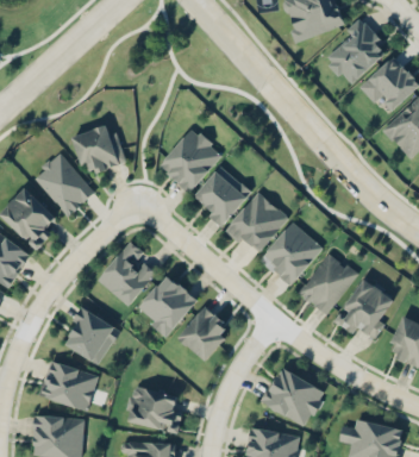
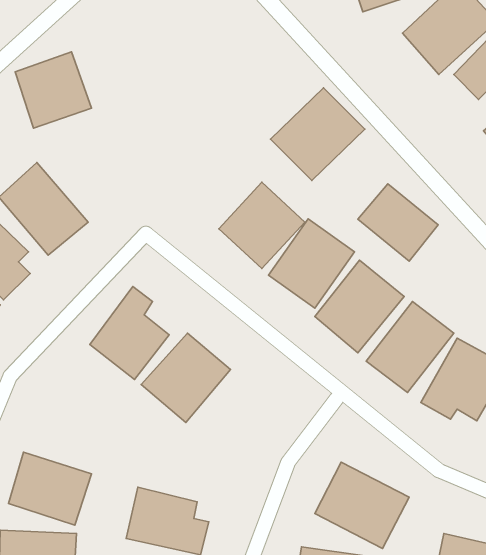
building: [73,123,127,177] -> [15,52,91,128]
building: [157,127,225,194] -> [270,88,365,180]
building: none -> [358,184,438,261]
building: [177,306,232,361] -> none
building: [60,307,121,367] -> none

